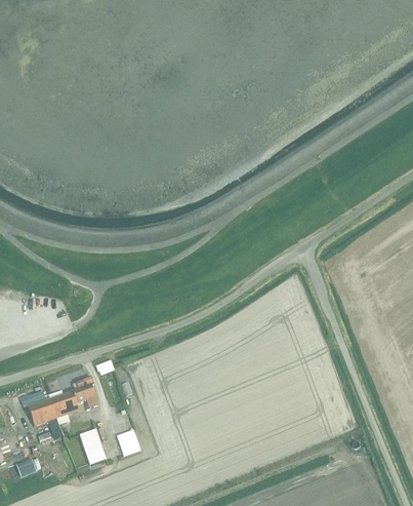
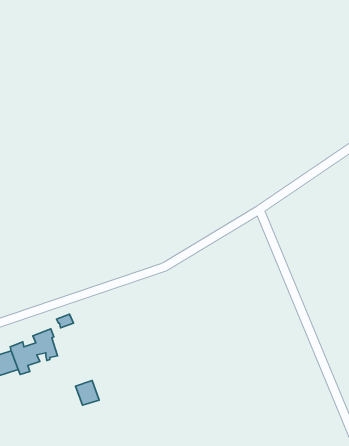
building: [79,429,102,455] -> none

